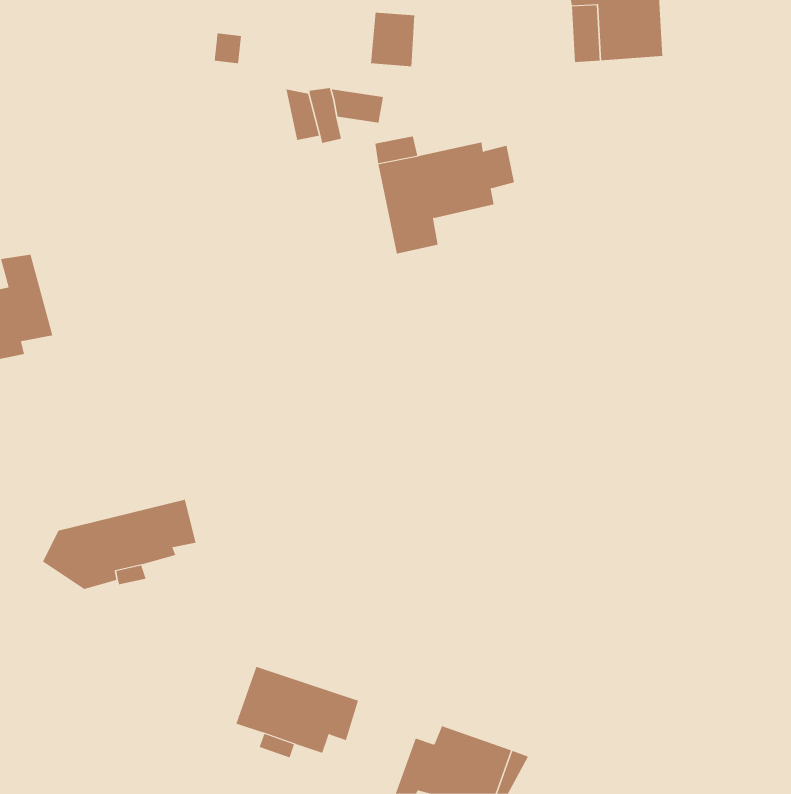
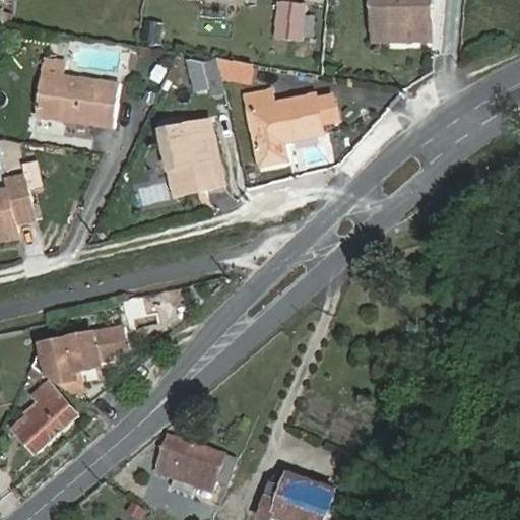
building: [370,12,415,67] -> [275,4,305,40]
building: none -> [34,72,117,125]
building: none -> [161,121,222,190]
building: none -> [18,381,76,453]

